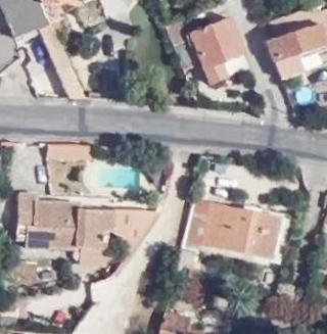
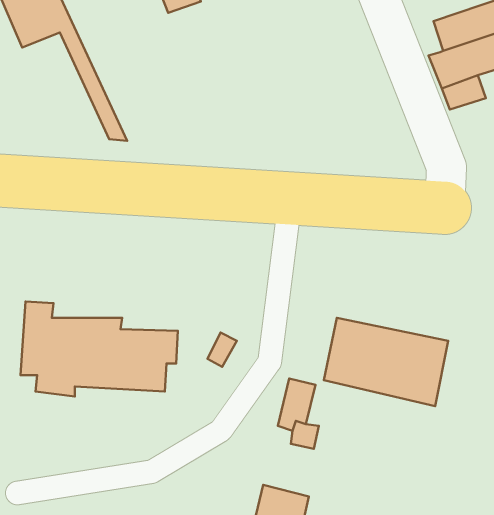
building: [167,12,243,85] -> none

